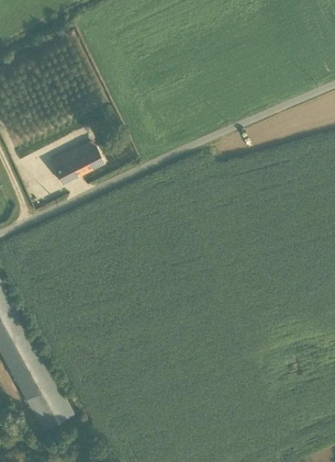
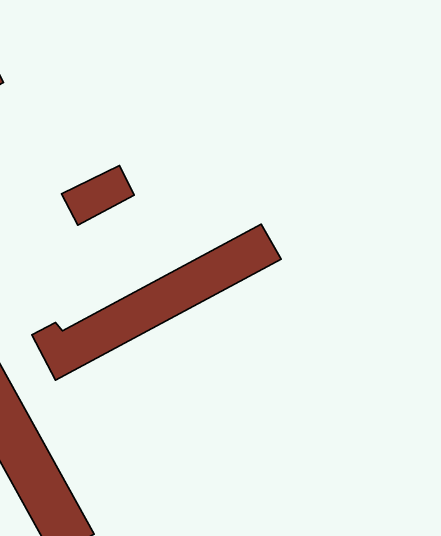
building: none -> [32,224,281,380]

